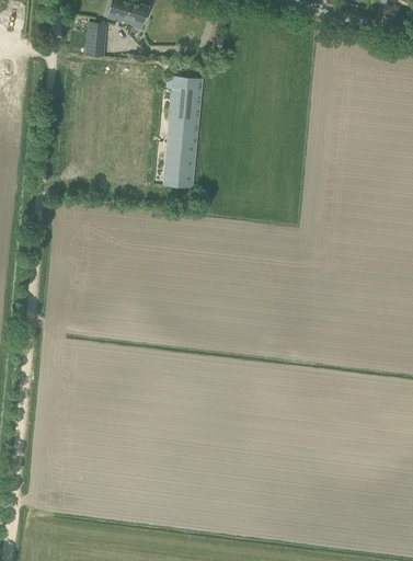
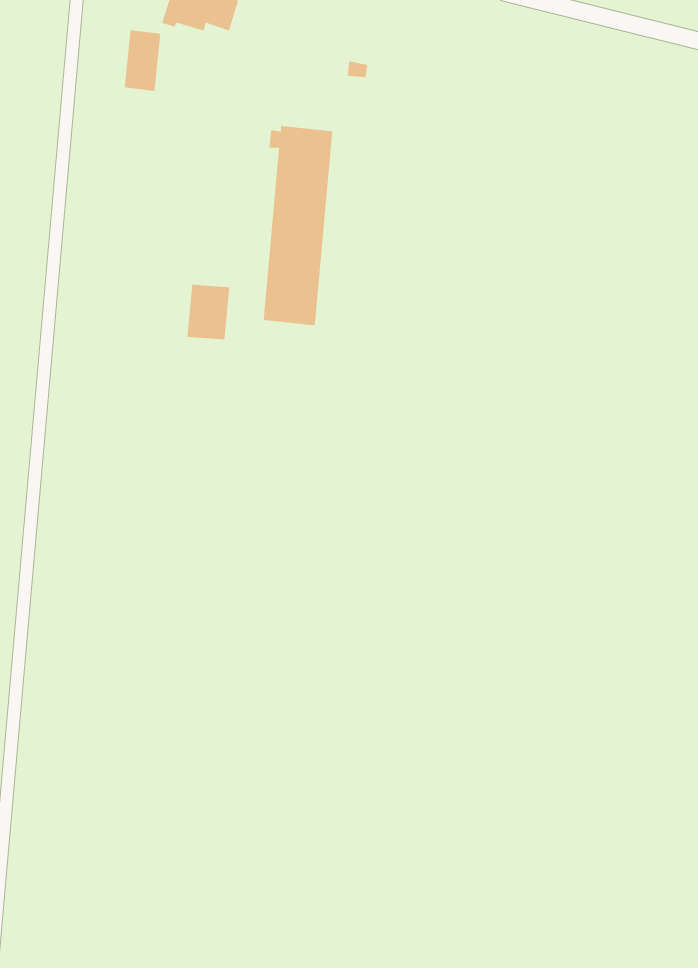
building: none -> [187,284,230,340]

